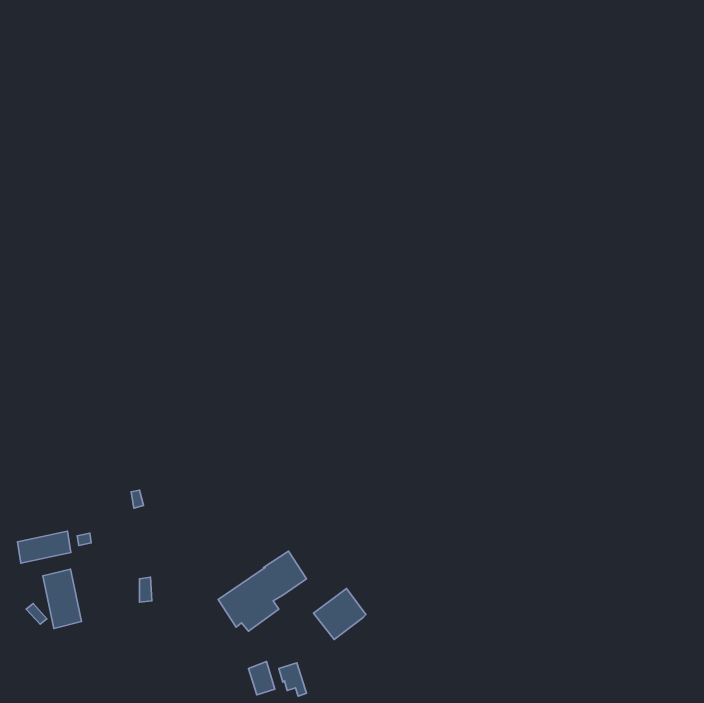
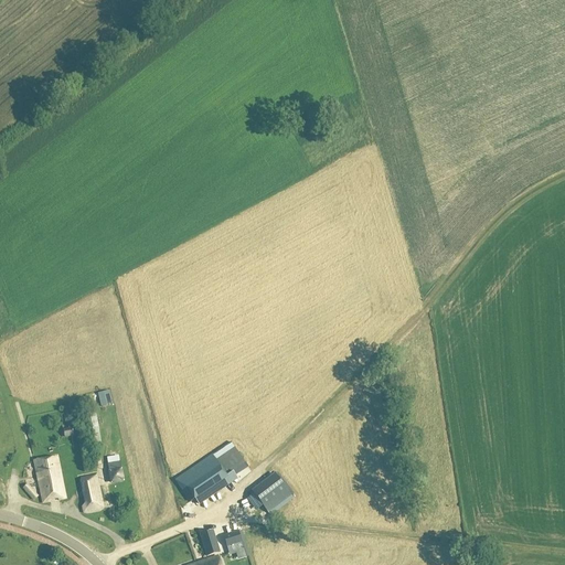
building: [17,531,71,563] -> none
building: none -> [79,473,103,512]

